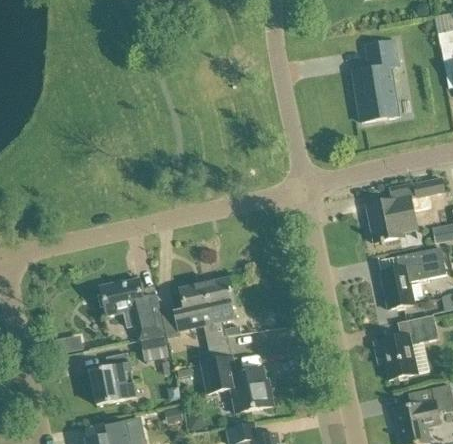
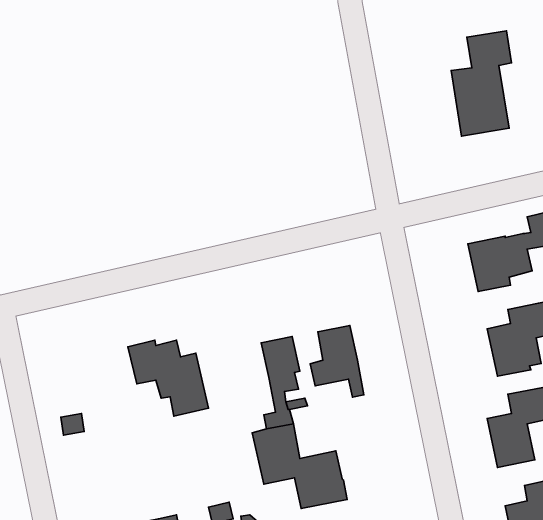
building: [174,282,216,338] -> [310,325,364,397]
building: [141,334,168,359] -> none
building: [88,351,135,403] -> none

